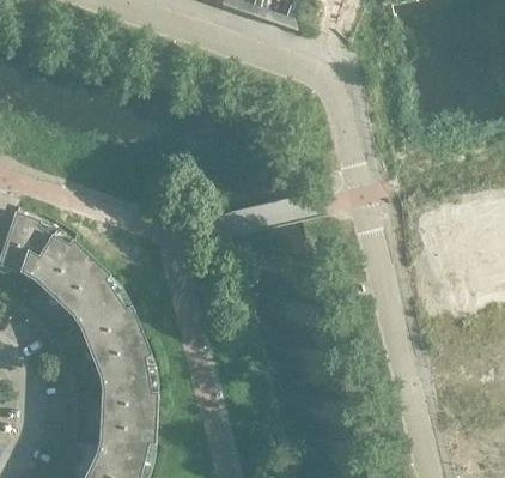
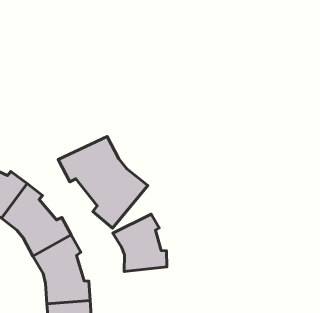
building: none -> [58,136,148,228]
building: none -> [113,214,167,271]

